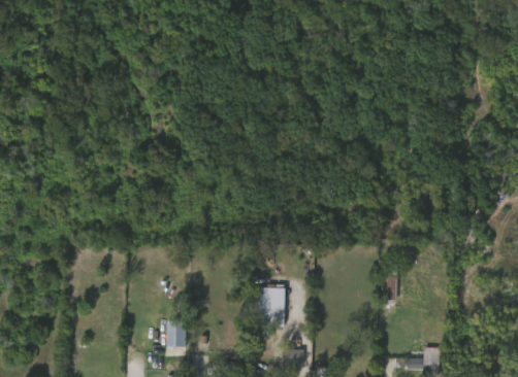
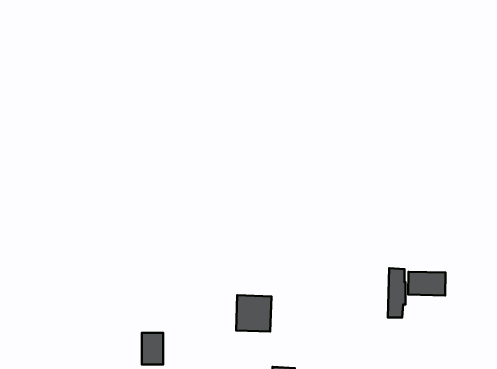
building: none -> [408,272,446,295]

